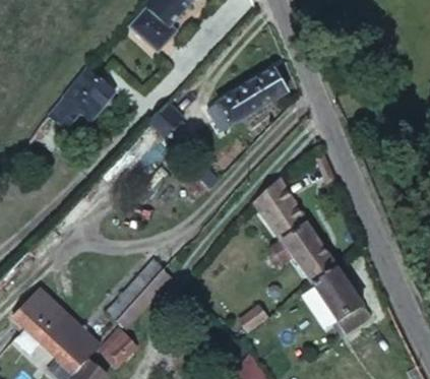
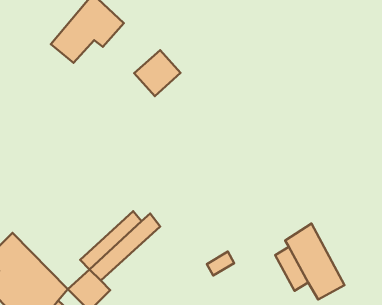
building: [208,60,290,123] -> none
building: [258,180,335,283] -> none

